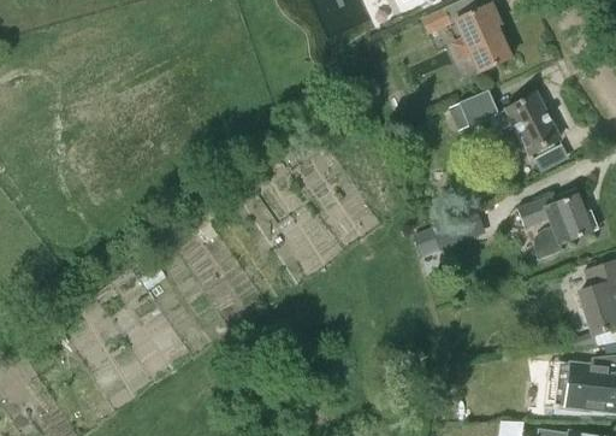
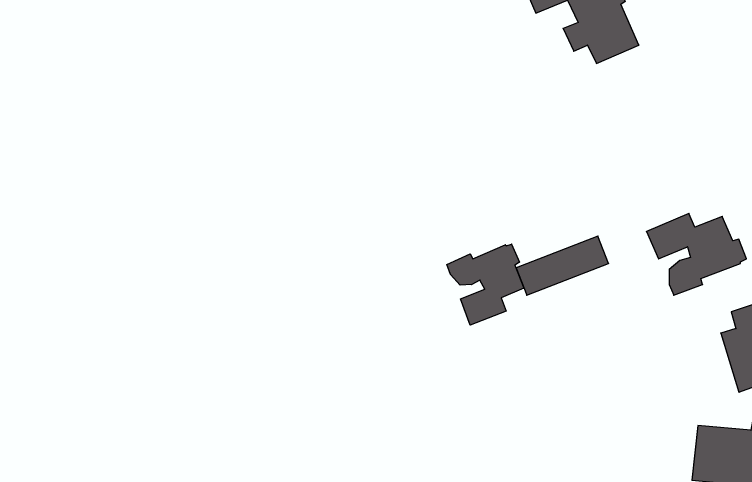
building: [457,89,559,155] -> none
building: none -> [447,244,524,325]

